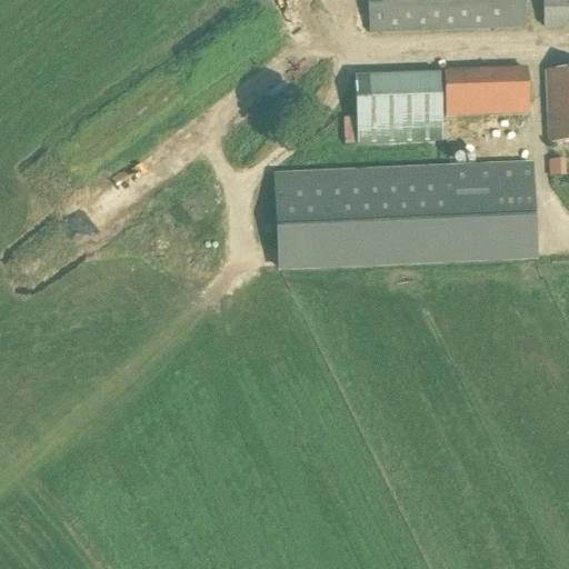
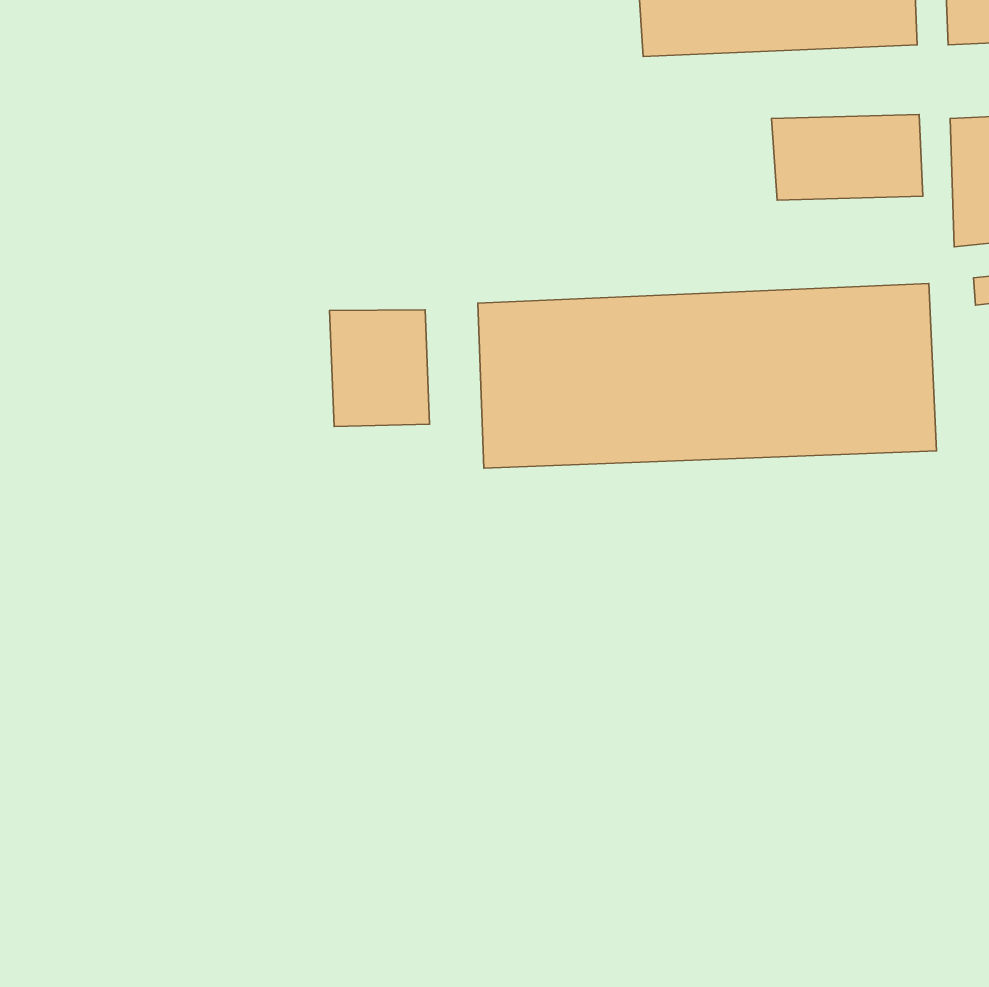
building: [355,68,443,139] -> none
building: none -> [330,310,429,426]

